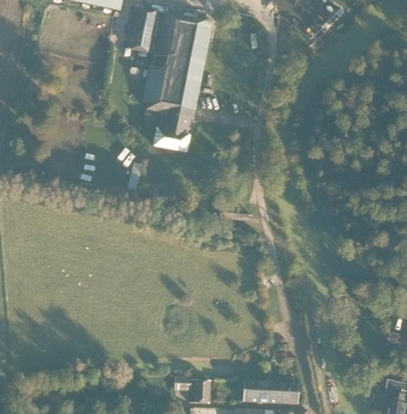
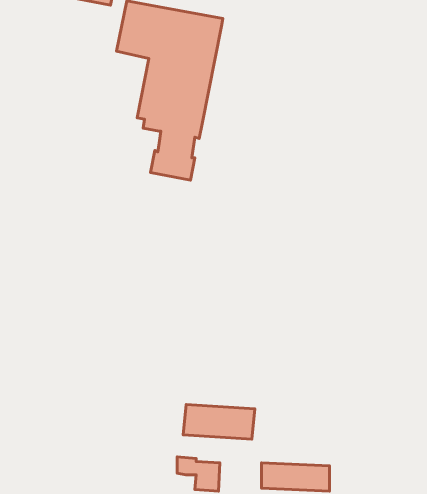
building: none -> [183,405,255,439]

